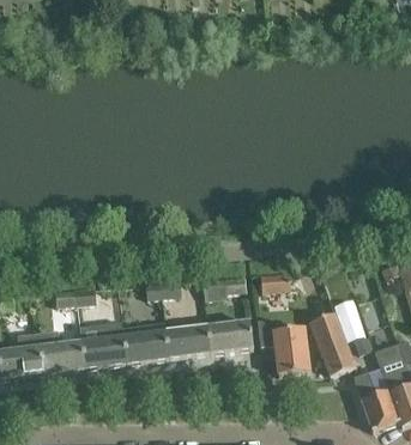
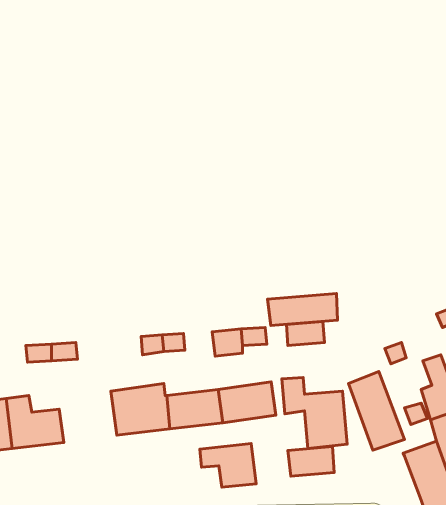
building: none -> [268,293,338,326]
building: [78,322,126,368] -> none
building: none -> [200,443,256,487]
building: none -> [288,446,334,476]

